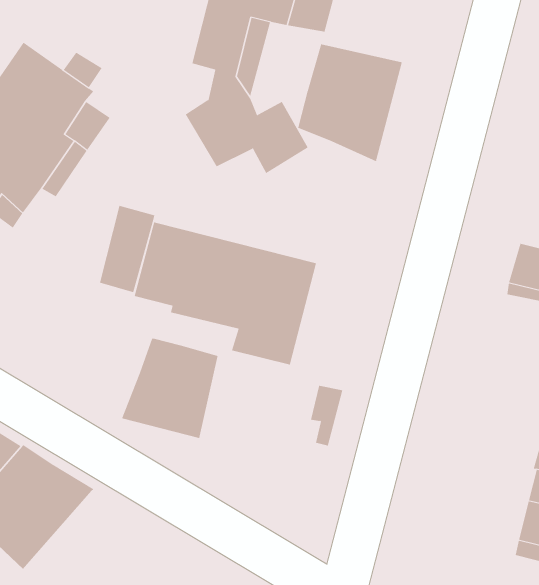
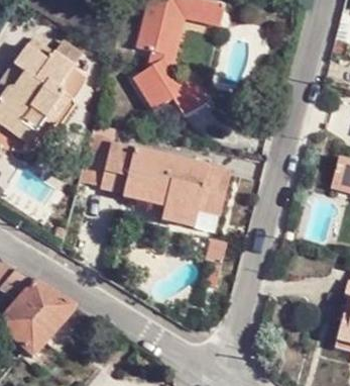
building: [298,44,403,162] -> none
building: none -> [202,169,234,219]
building: [121,338,218,439] -> none

